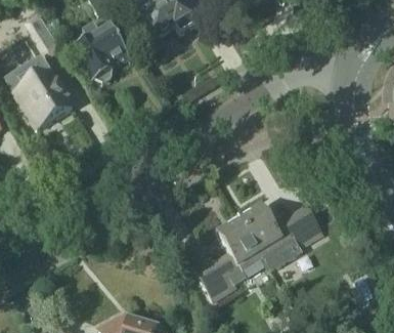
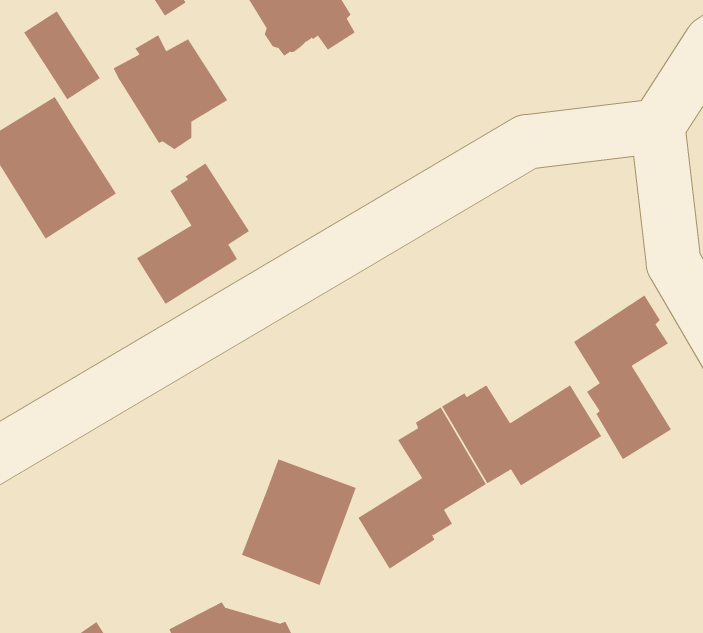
building: none -> [136,162,250,305]
building: none -> [573,295,672,460]
building: none -> [241,459,357,586]

